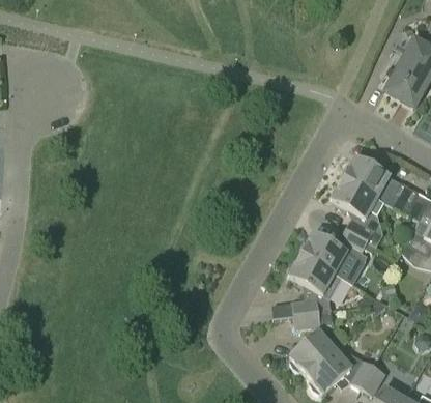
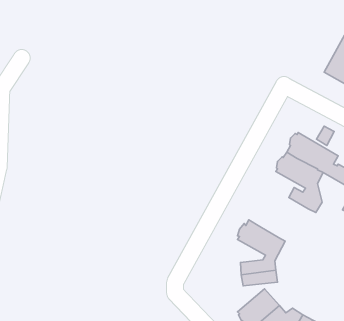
building: [301,229,368,274] -> none

